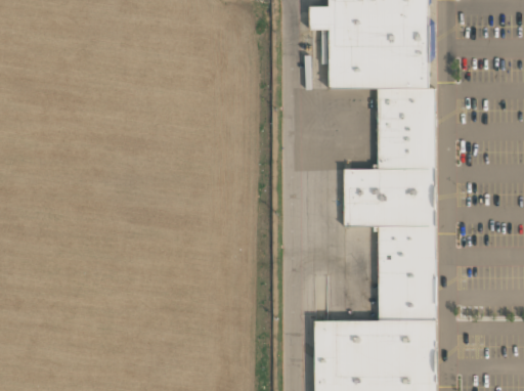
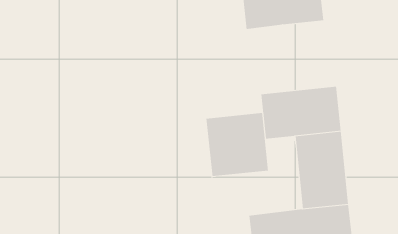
building: [377,87,436,170] -> none
building: none -> [206,112,269,177]

